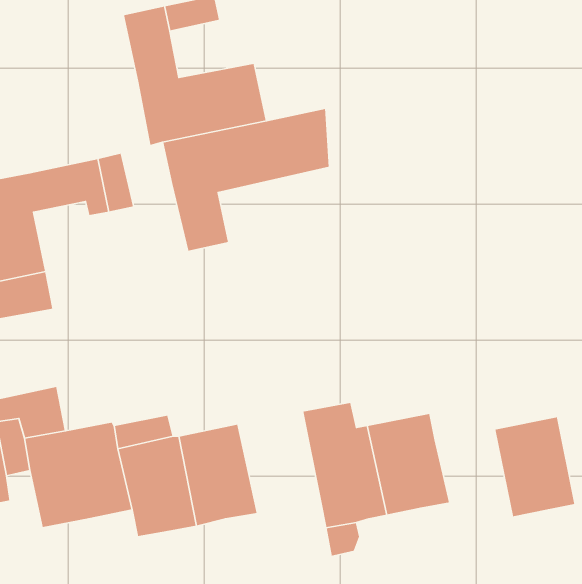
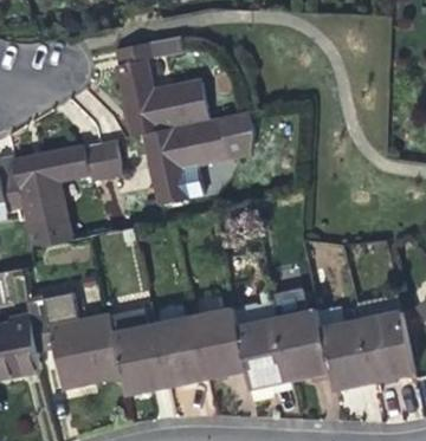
building: none -> [192,310,246,377]
building: none -> [322,322,373,388]

